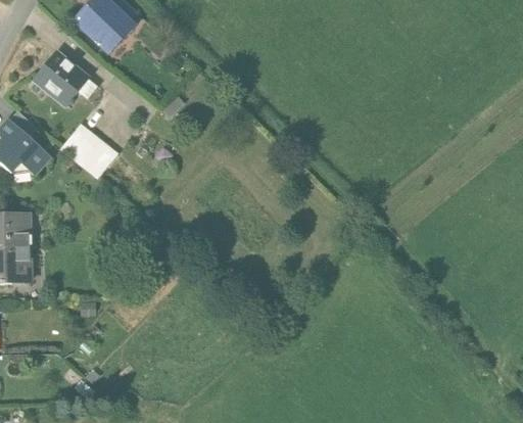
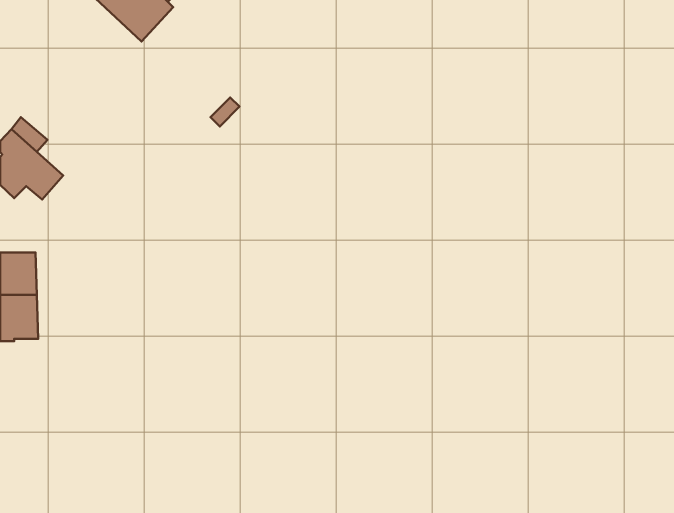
building: [33,50,87,103] -> none
building: [64,127,118,179] -> none

